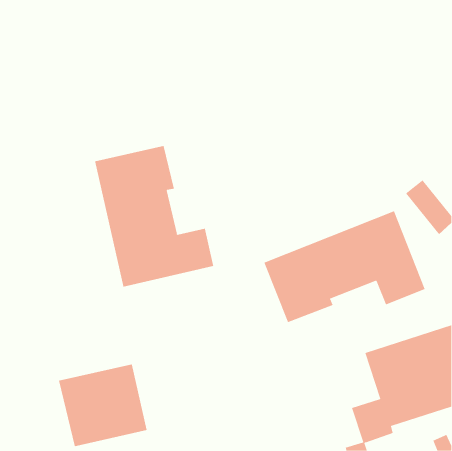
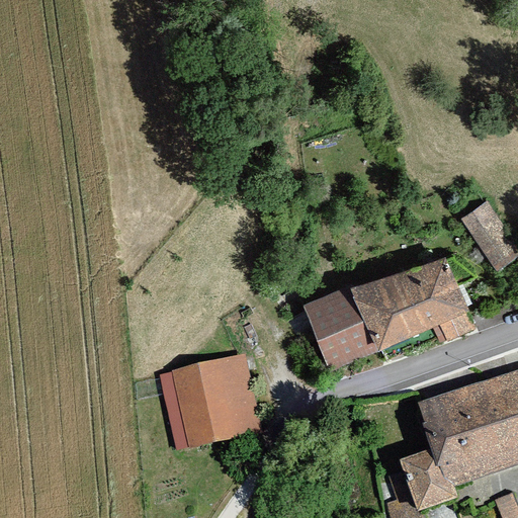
building: [94,145,214,287] -> none
building: [58,364,148,447] -> [159,355,261,450]

